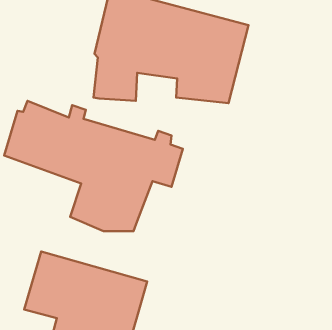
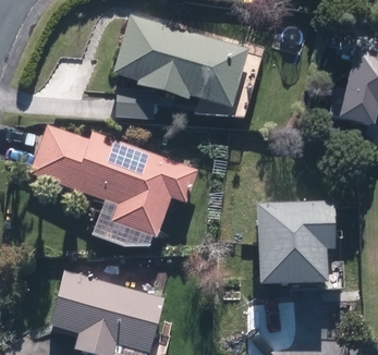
building: none -> [254,199,334,287]

